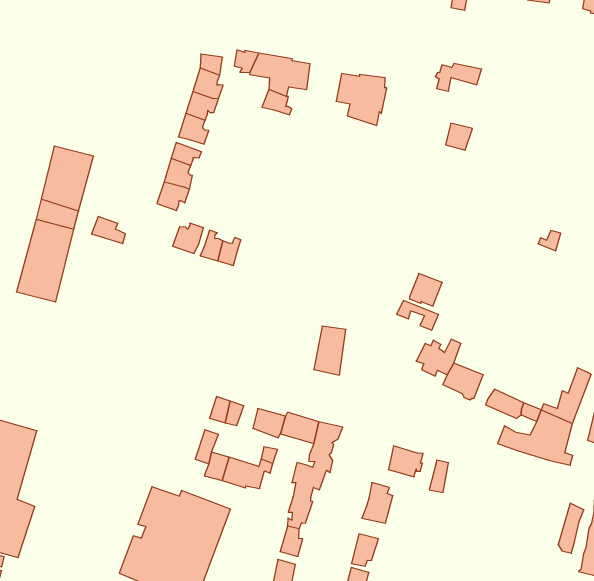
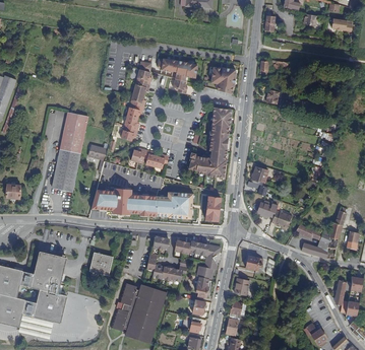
building: none -> [188,107,231,178]
building: none -> [93,187,192,217]
building: none -> [89,252,113,274]

